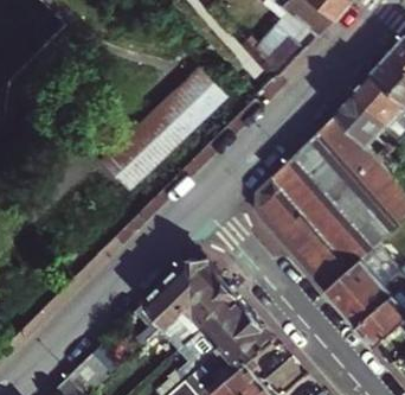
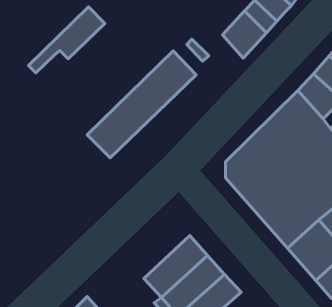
building: none -> [29,7,105,73]
building: [139,260,216,343] -> none

